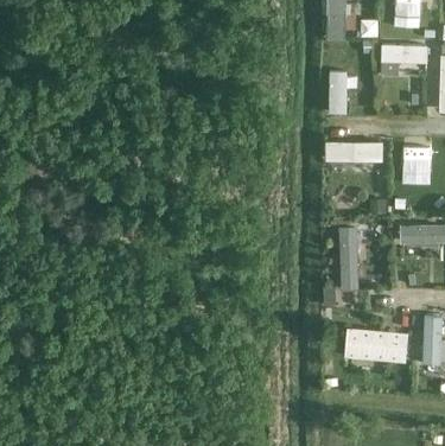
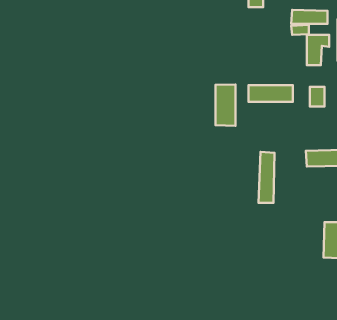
building: [329,75,357,114] -> [307,35,329,65]
building: none -> [216,85,236,126]
building: [344,331,407,362] -> none

